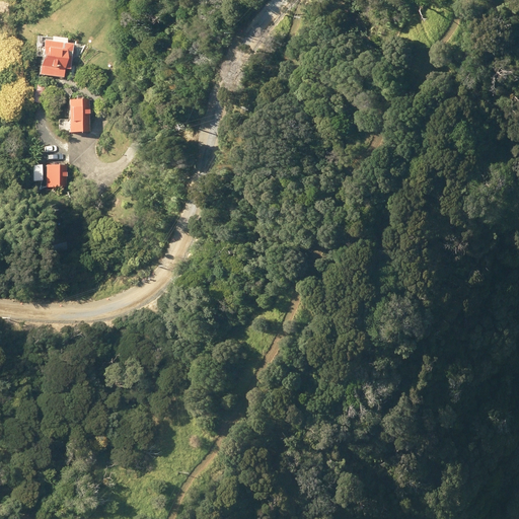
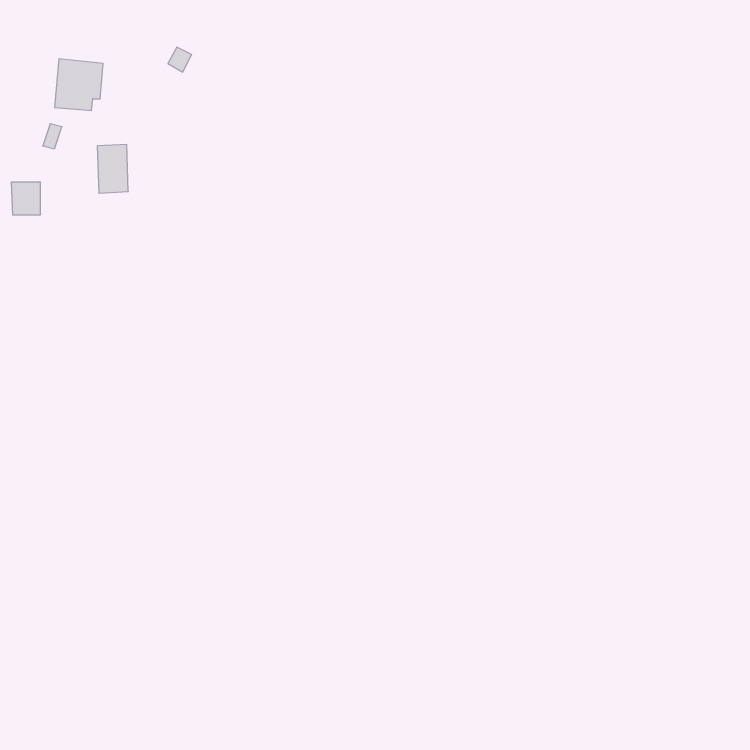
building: [48,162,68,184] -> [11,182,41,215]

